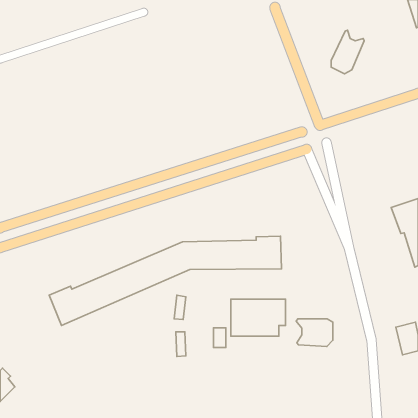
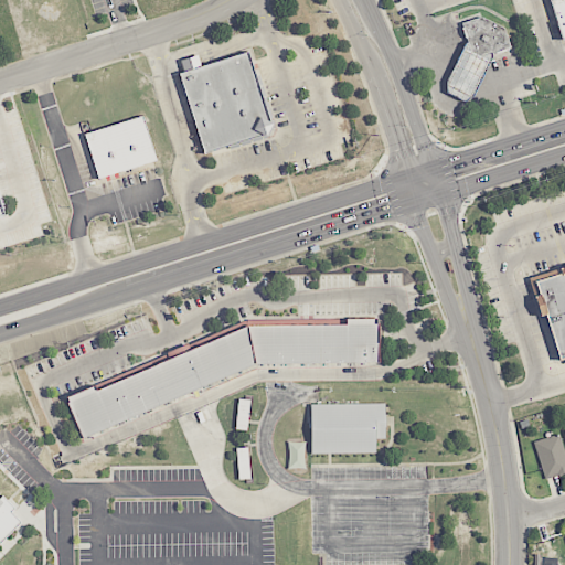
building: none -> [462,18,510,55]
building: none -> [182,51,271,151]
building: none -> [85,115,157,178]
building: [296,319,333,346] -> none

